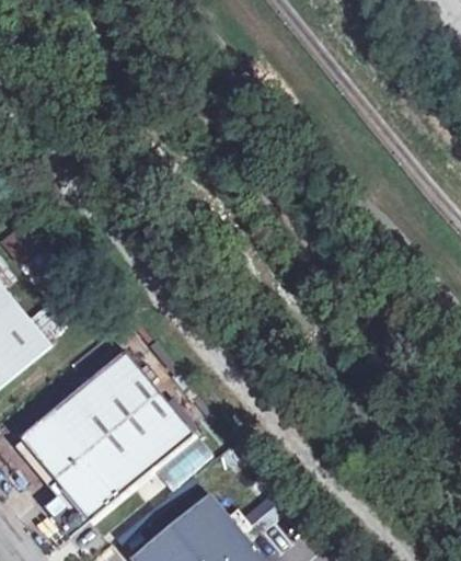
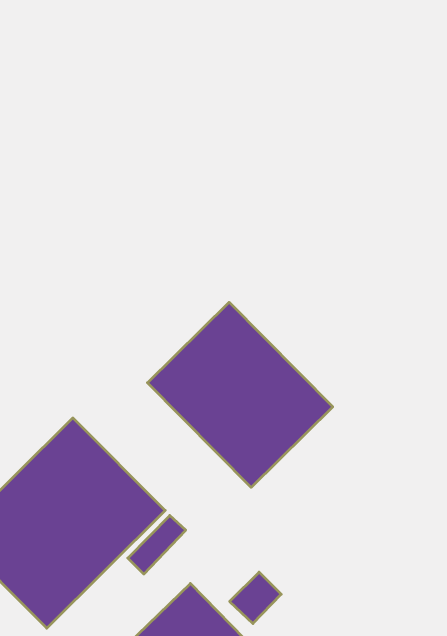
building: none -> [147,302,333,487]

